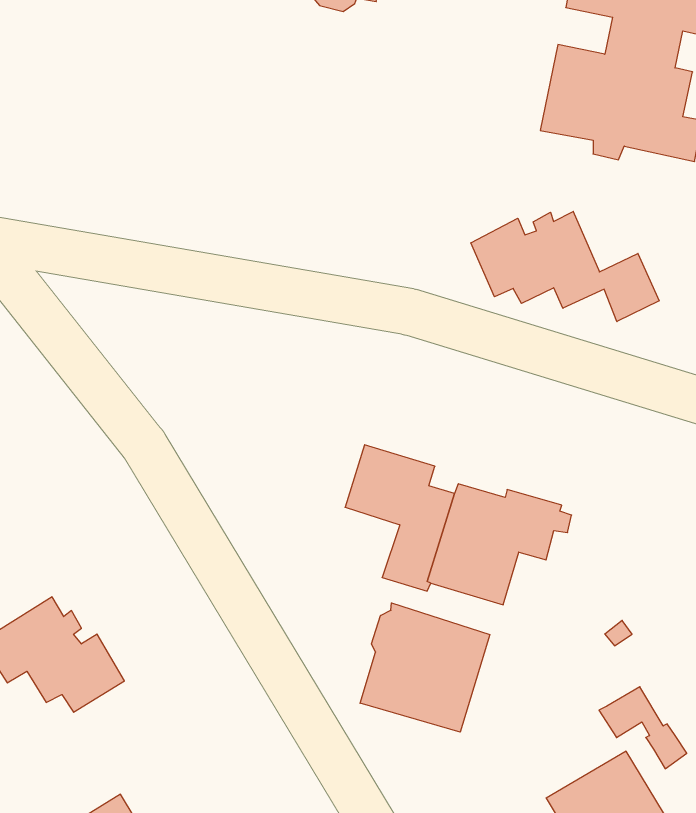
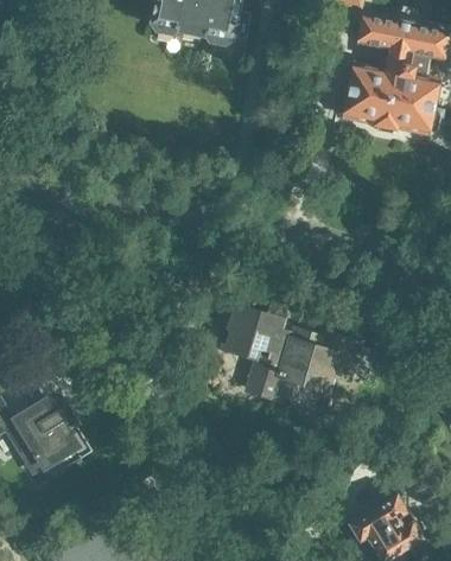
building: [471,211,659,322] -> none
building: [360,603,490,732] -> none

